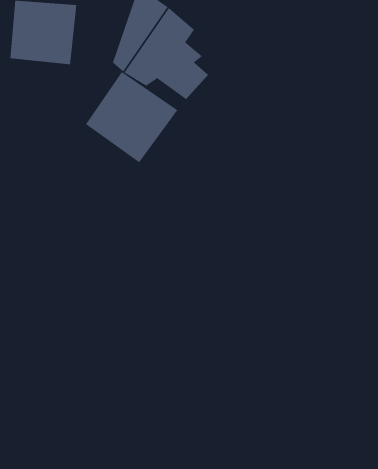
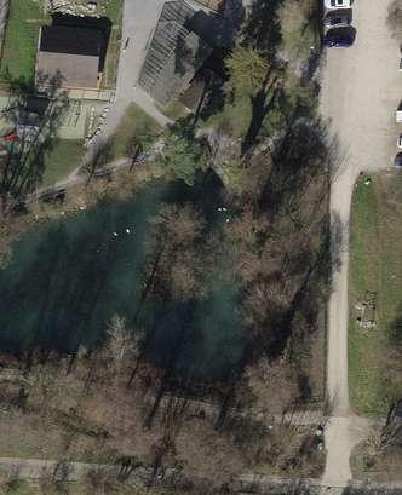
building: [85,71,178,163] -> none

